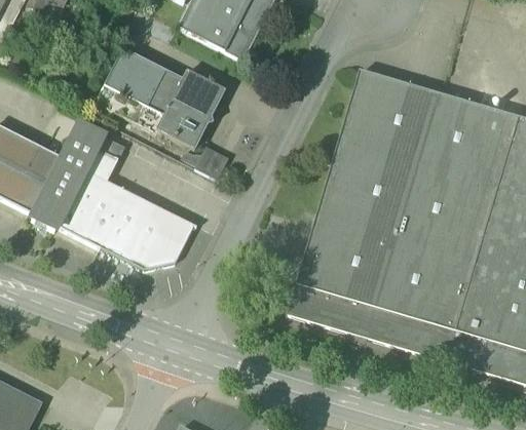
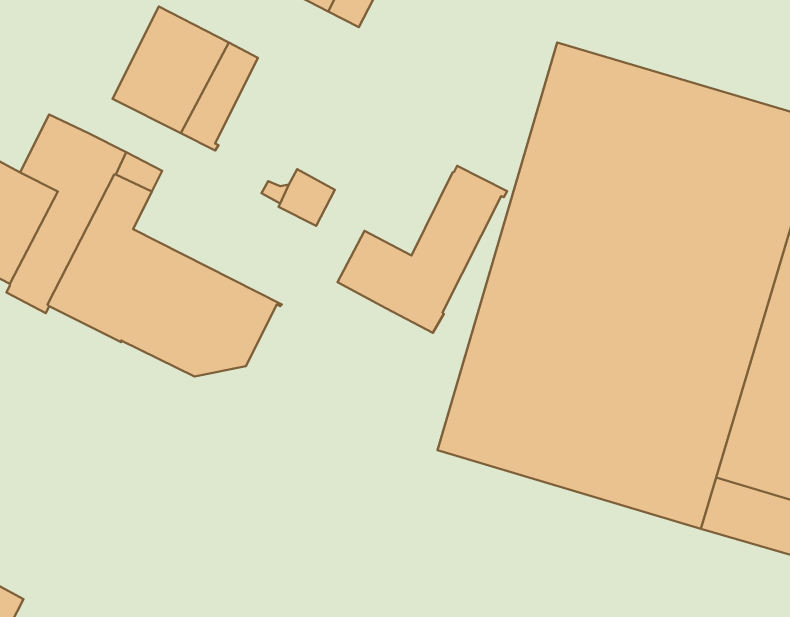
building: [156,71,224,149] -> none
building: none -> [338,166,507,333]

